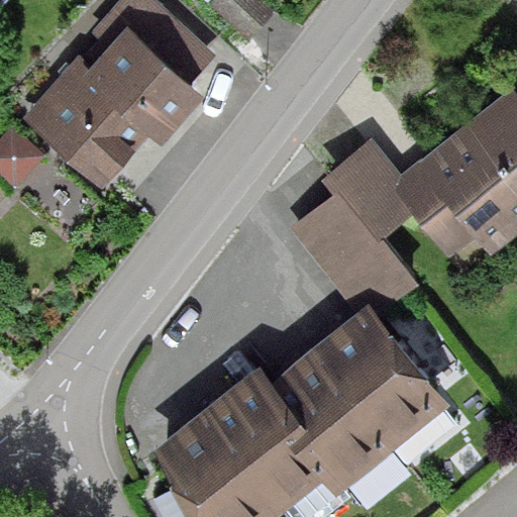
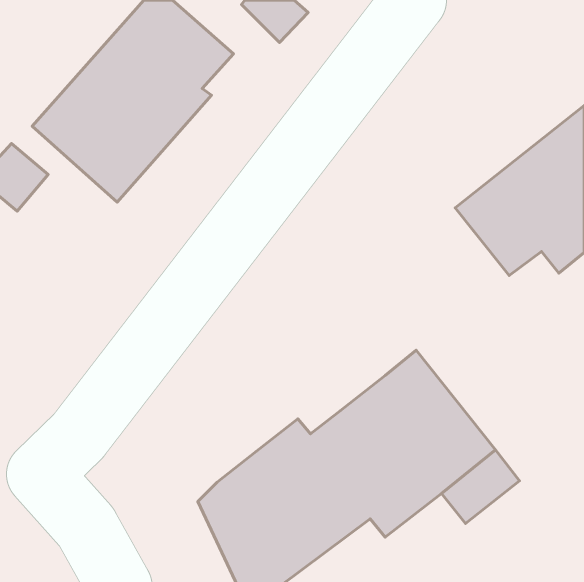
building: [298,143,416,312] -> none

